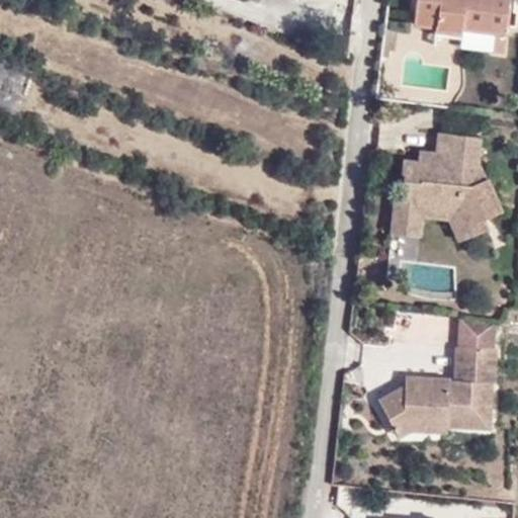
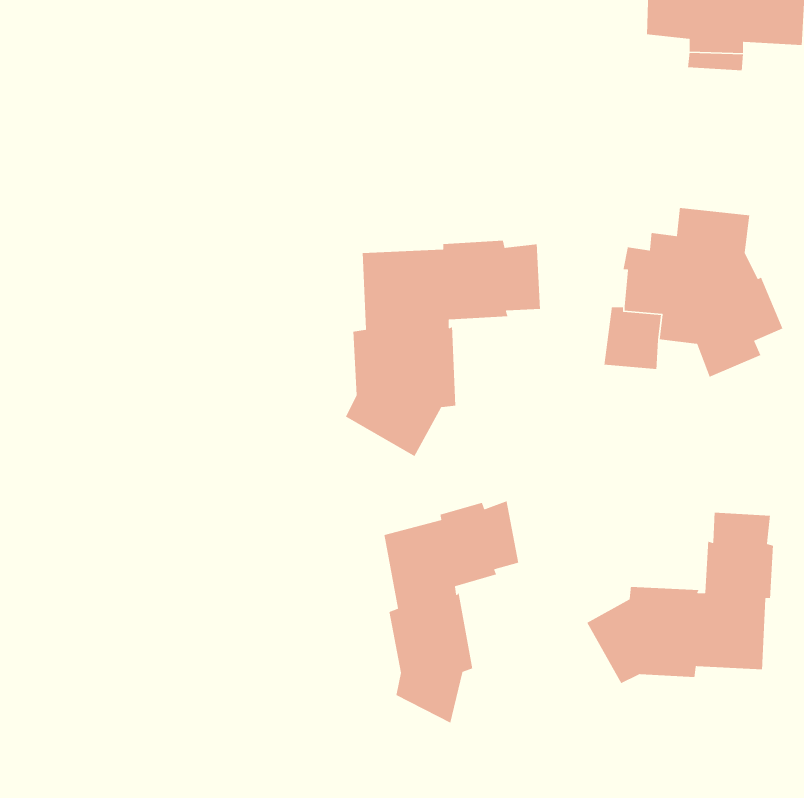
building: none -> [345,240,541,457]
building: none -> [384,500,519,724]

